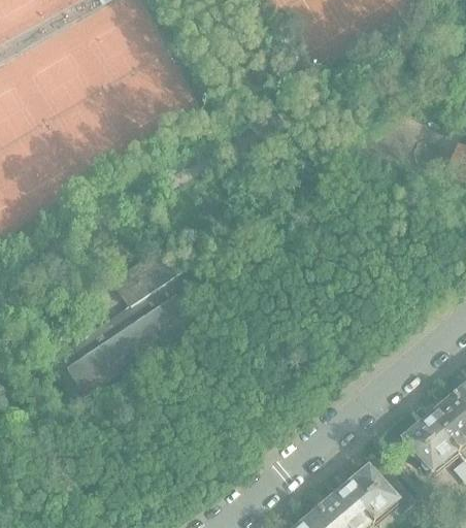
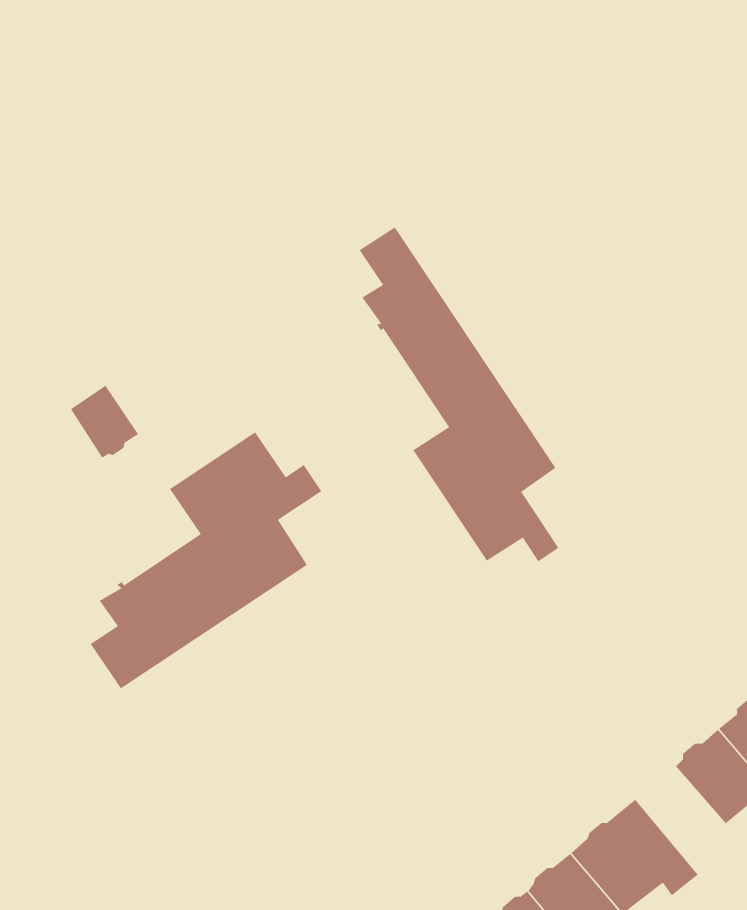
building: none -> [359,227,559,562]
building: none -> [70,385,139,458]

